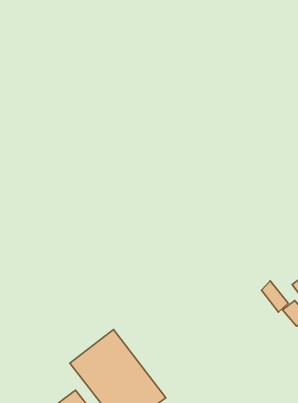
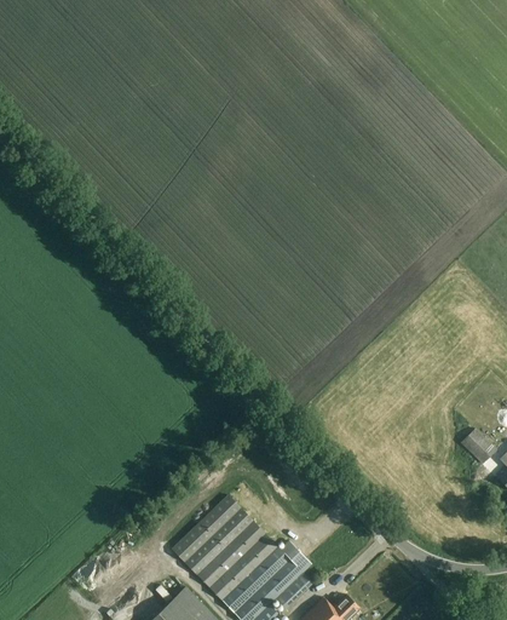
building: [261,281,288,312] -> none

